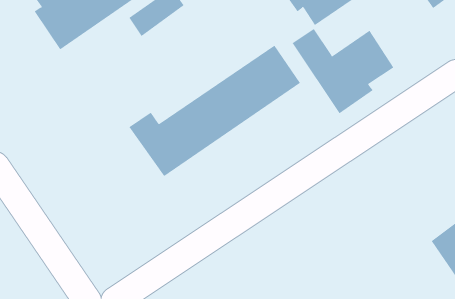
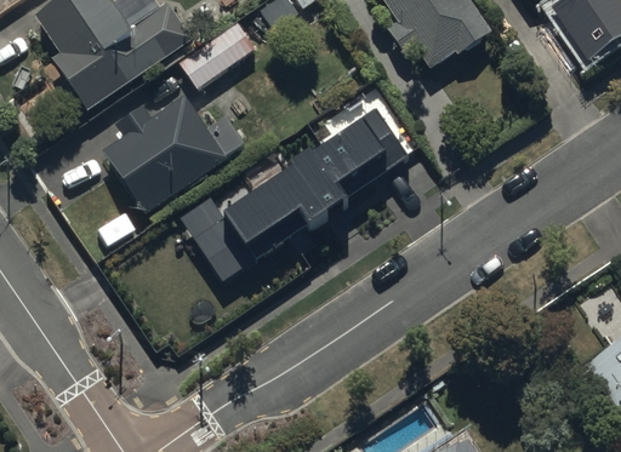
building: [292,28,394,114] -> none
building: none -> [104,97,247,214]

